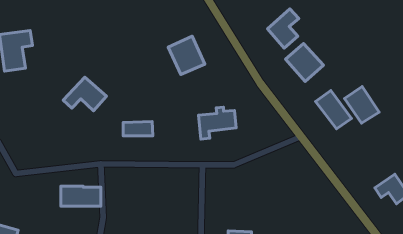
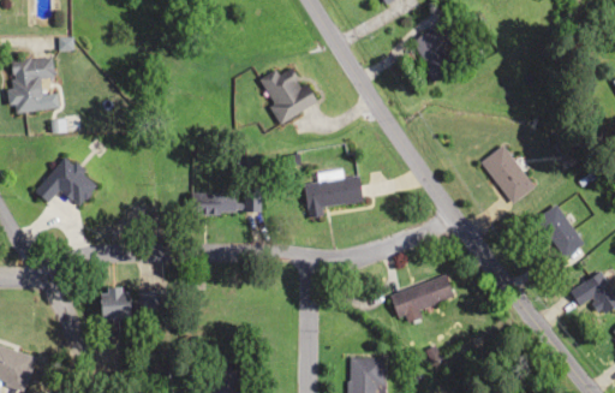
building: [285,44,323,82] -> none
building: [63,77,106,111] -> [34,156,98,207]
building: [345,87,379,123] -> [530,204,581,260]
building: none -> [389,276,453,323]

